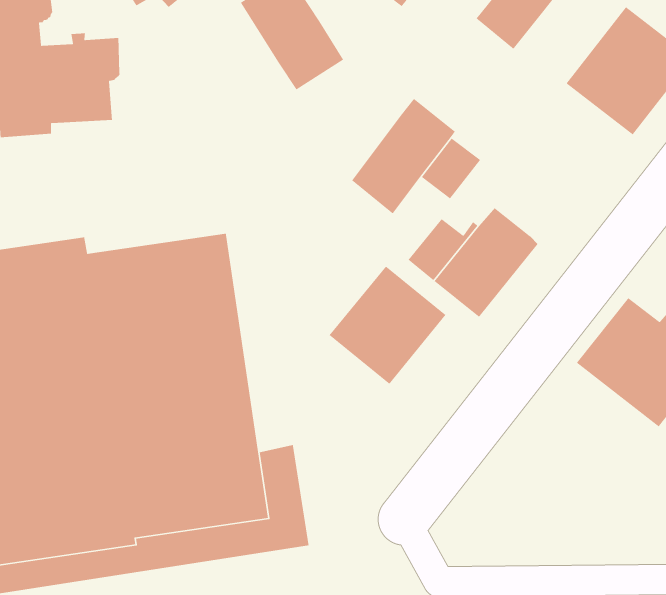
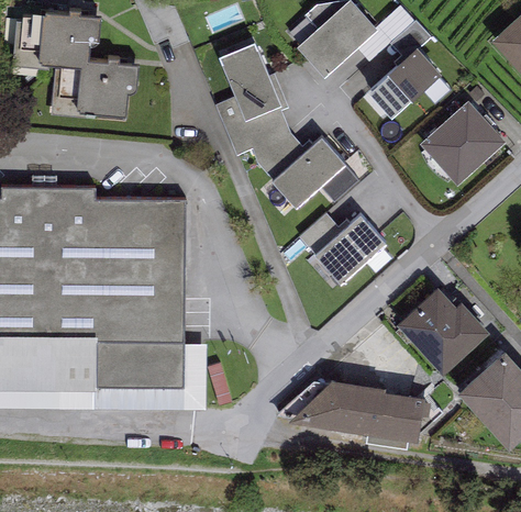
building: none -> [214,76,310,182]
building: [329,265,447,385] -> none
building: none -> [288,380,423,442]

